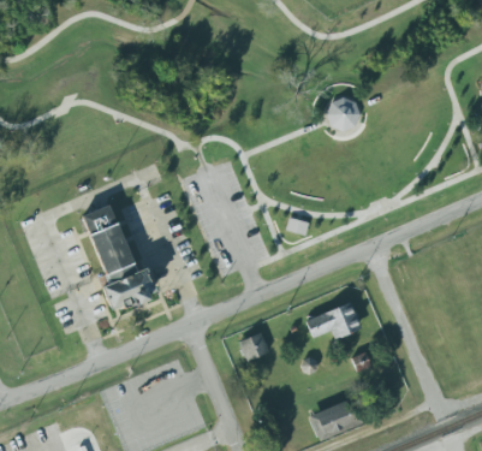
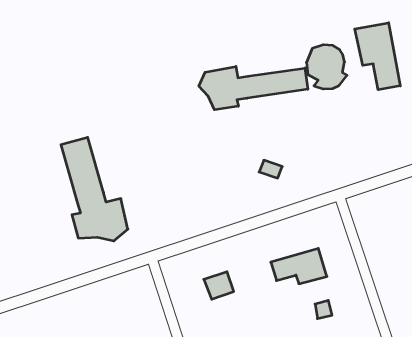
building: none -> [355,23,400,90]
building: none -> [199,66,308,110]

